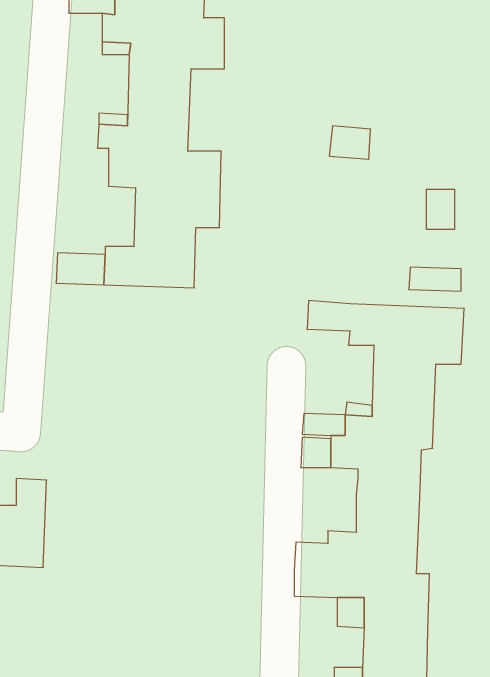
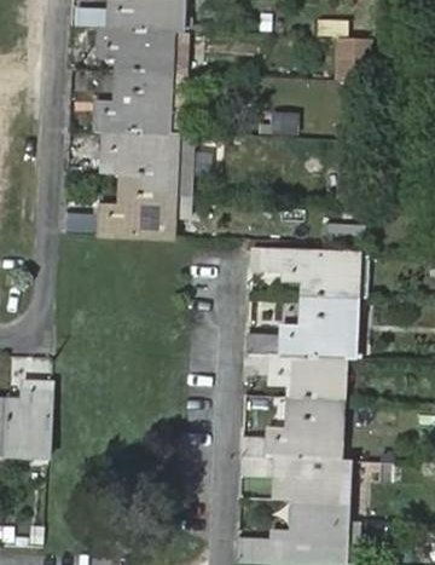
building: none -> [344,36,375,79]

